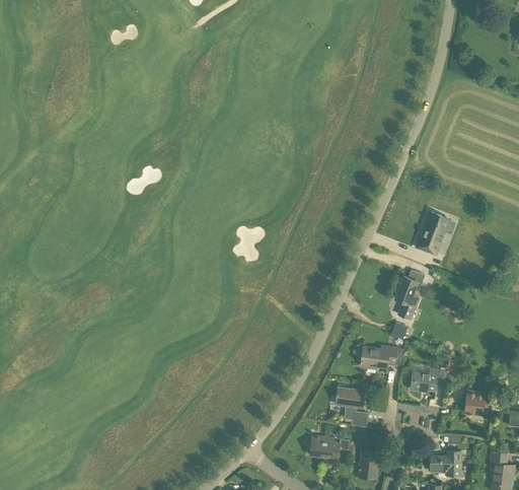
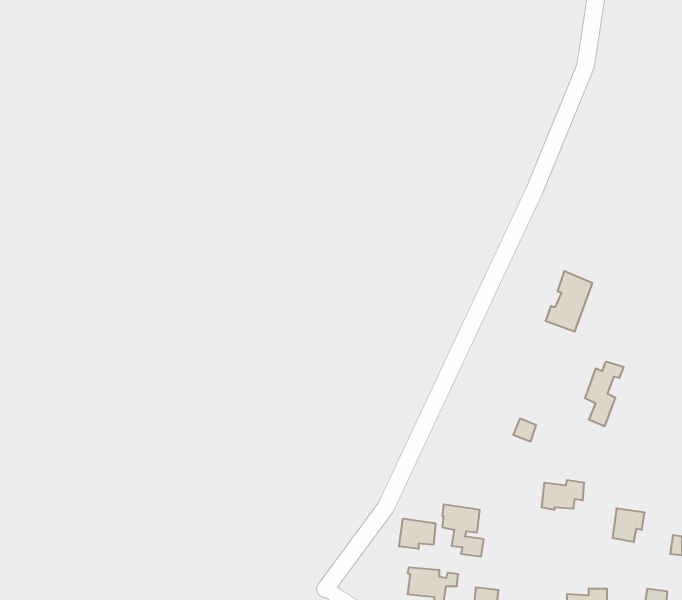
building: [394,270,424,319] -> [585,362,624,426]
building: [360,346,396,368] -> none
building: none -> [399,519,435,549]

